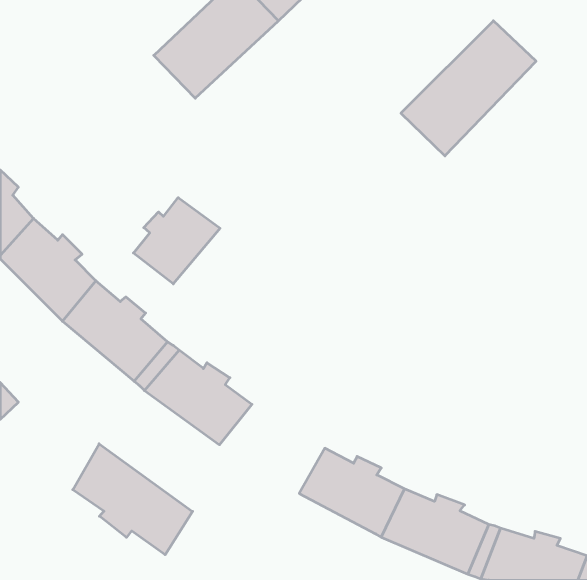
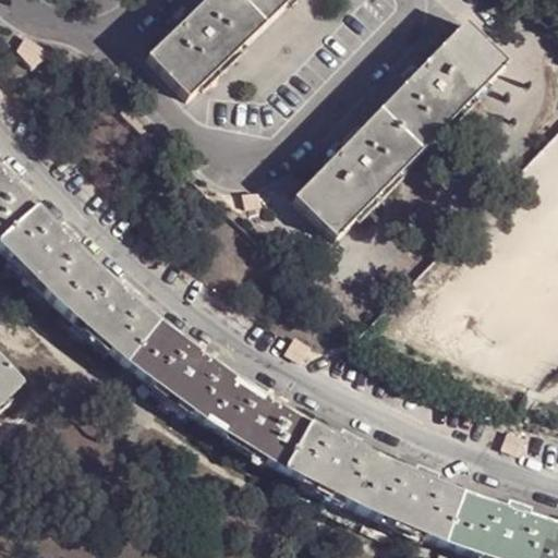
building: none -> [296,107,423,234]
building: [133,198,220,284] -> none
building: none -> [210,381,310,465]
building: [73,444,193,555] -> none

